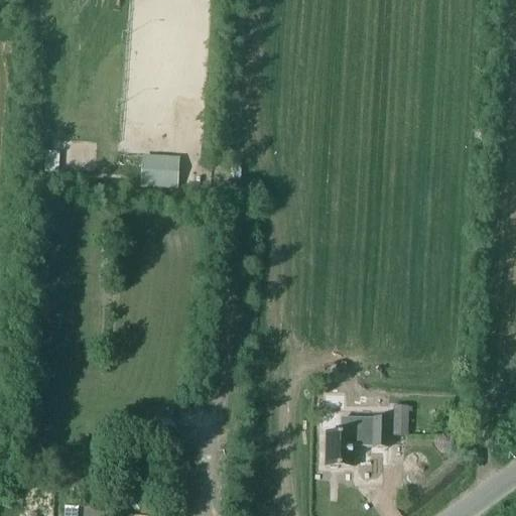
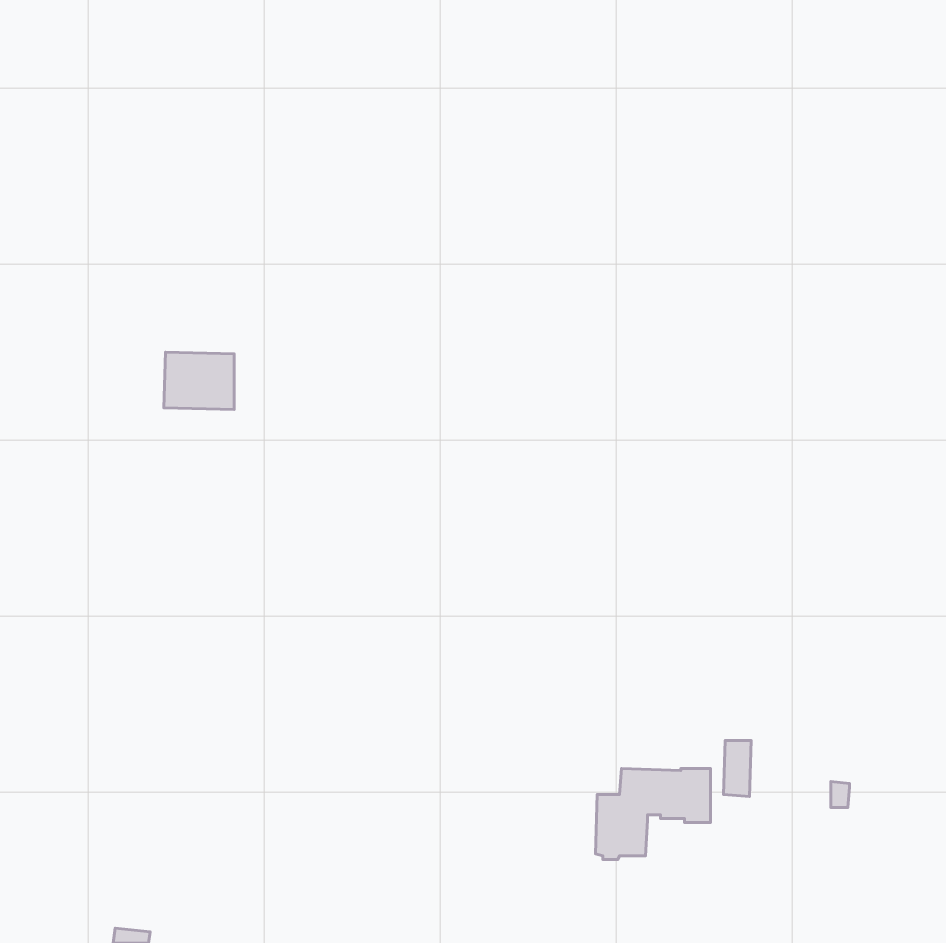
building: [139,153,177,184] -> [164,352,234,410]

